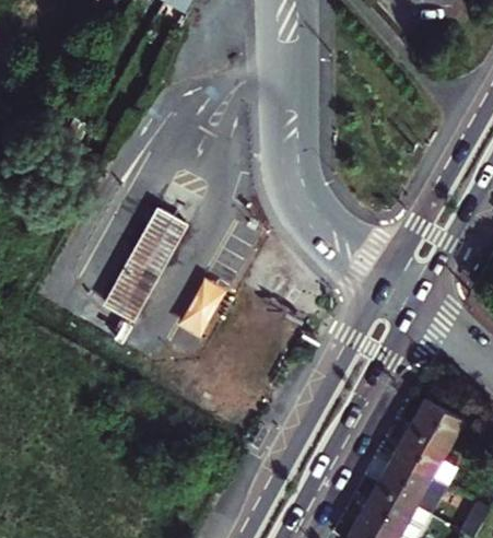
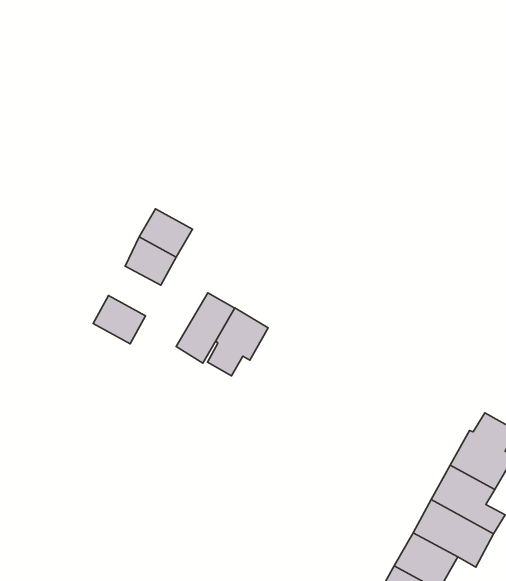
building: [116,257,161,300] -> none
building: none -> [208,308,268,376]

